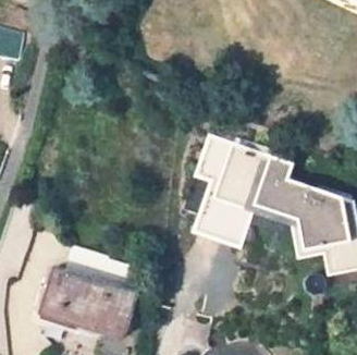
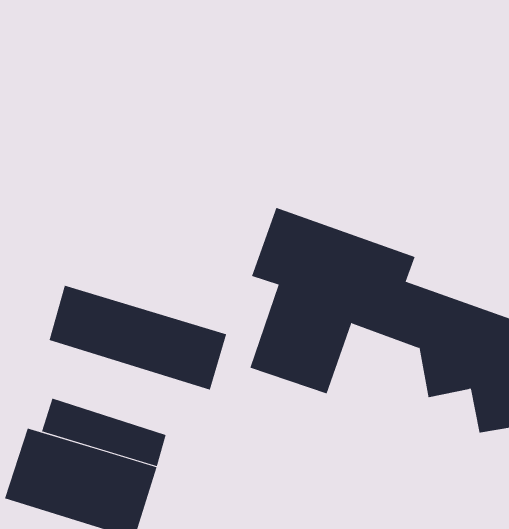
building: none -> [49,285,227,391]

